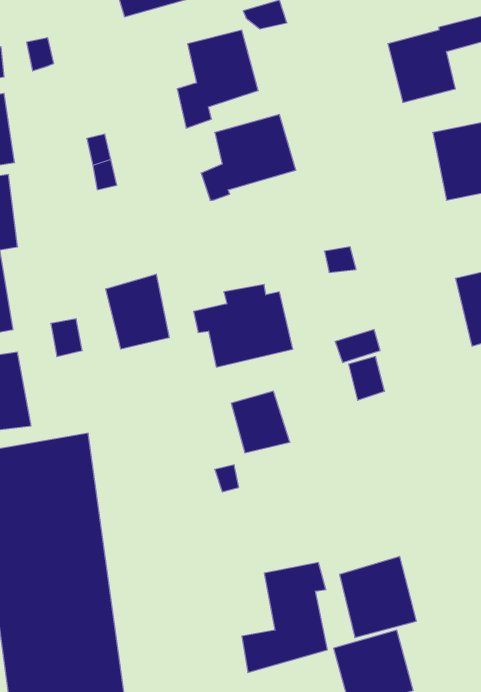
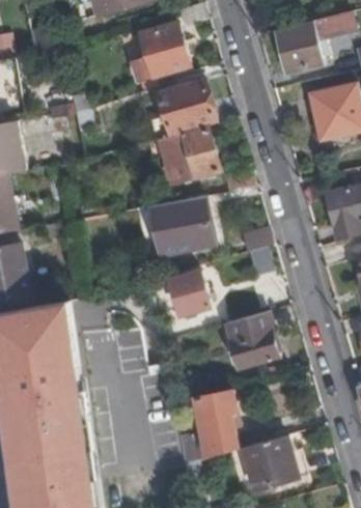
building: none -> [158,129,219,184]
building: [106,274,169,349] -> none
building: [340,556,416,638] -> [225,312,278,368]

